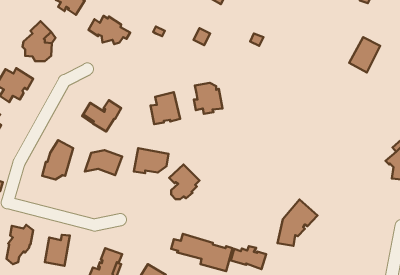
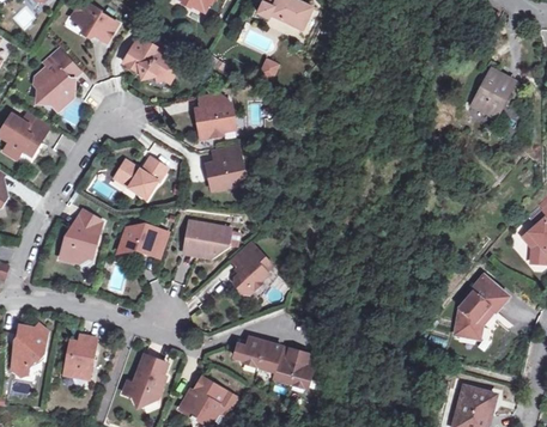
building: [194,83,222,114] -> [196,94,235,136]
building: [277,200,317,246] -> [455,276,509,338]
building: [231,246,266,269] -> none

